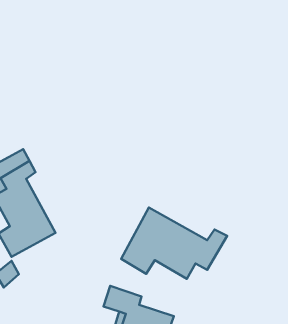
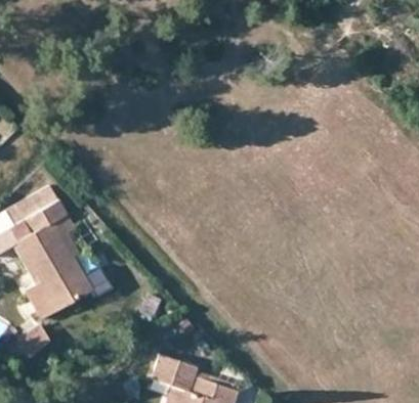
building: [121,208,227,279] -> none

